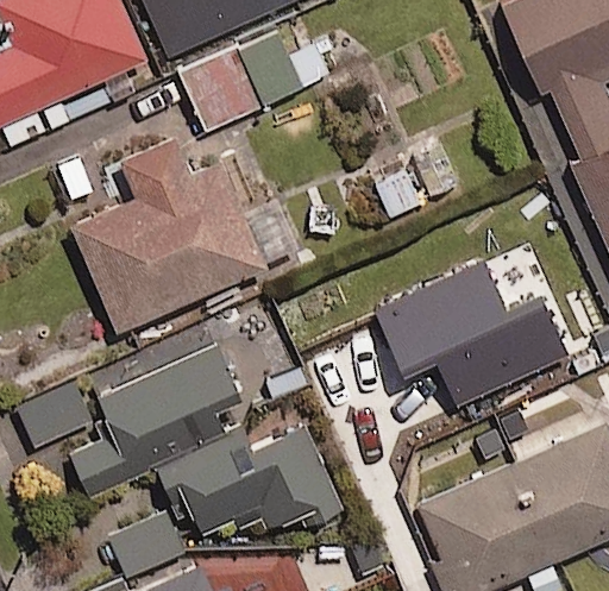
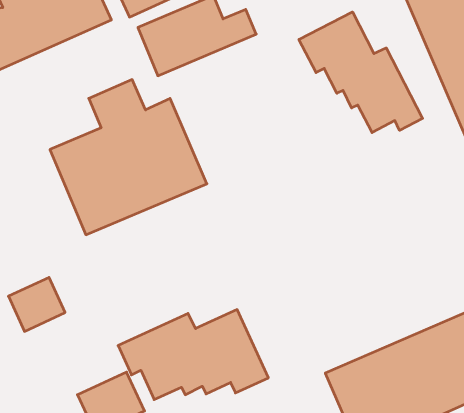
building: none -> [299,12,423,133]
building: [376,262,573,415] -> none
building: [70,345,240,493] -> none

